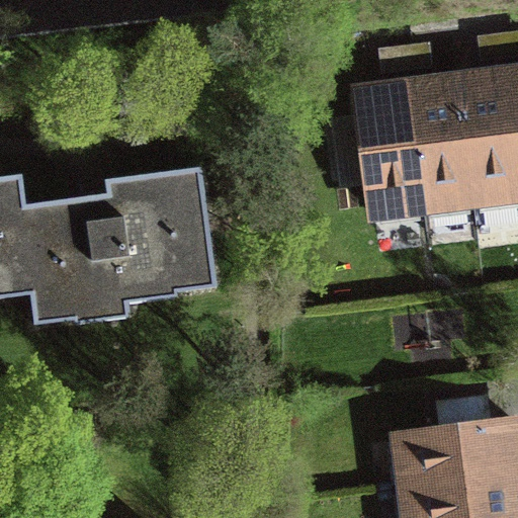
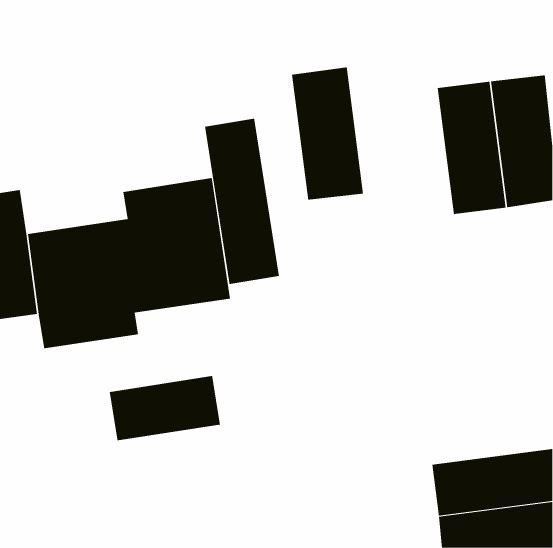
building: [355,82,423,206] -> [291,67,364,200]
building: none -> [204,118,279,285]
building: none -> [109,375,221,441]

